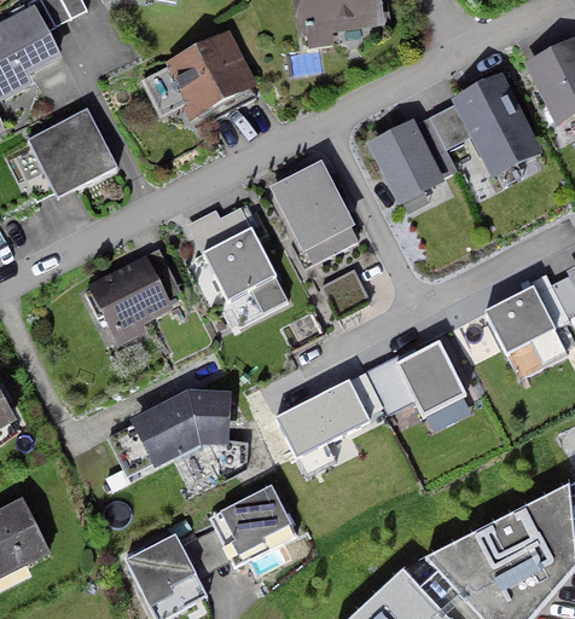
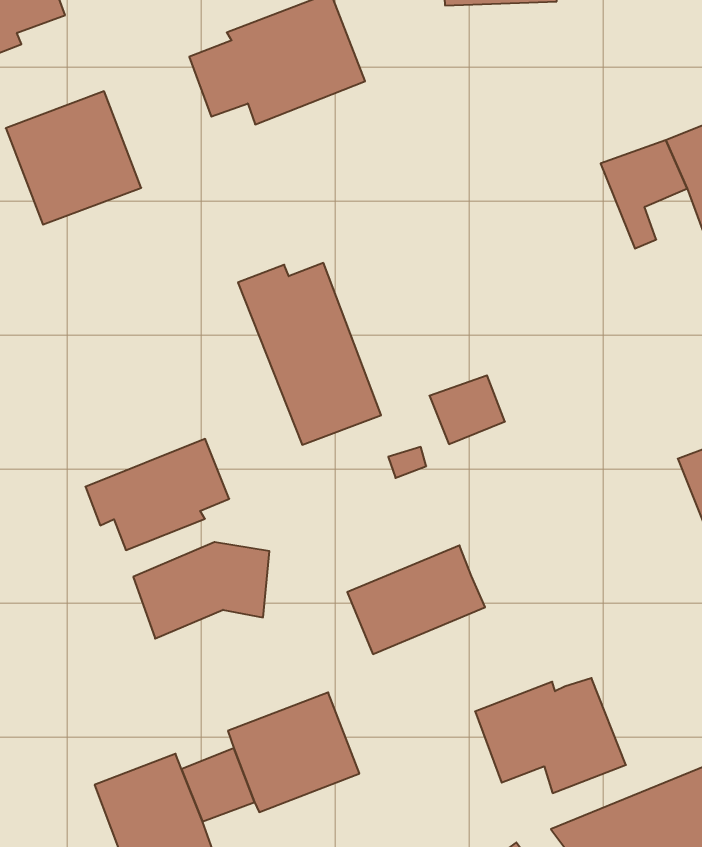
building: [376,123,443,198] -> none
building: [268,160,359,264] -> none
building: [86,253,180,330] -> [85,439,229,550]
building: [366,341,467,418] -> [475,678,626,793]

